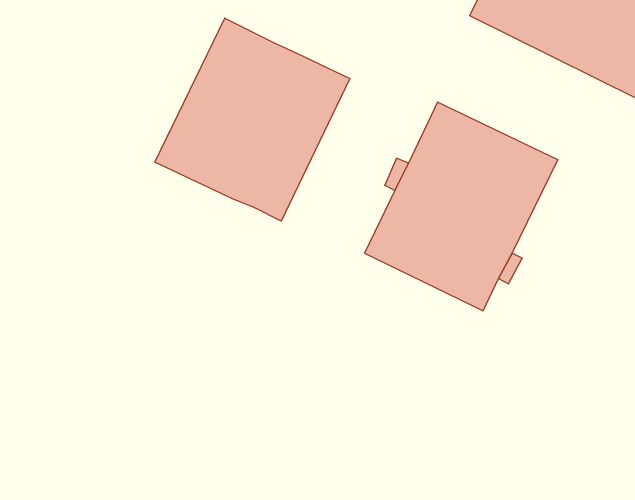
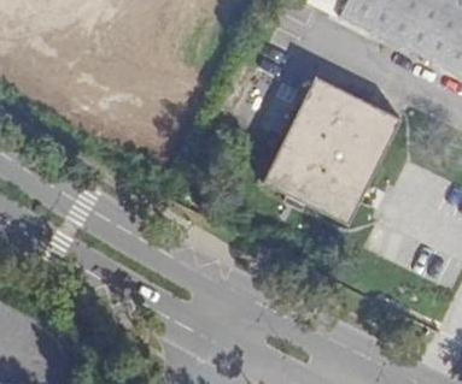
building: [155,18,350,221] -> none

